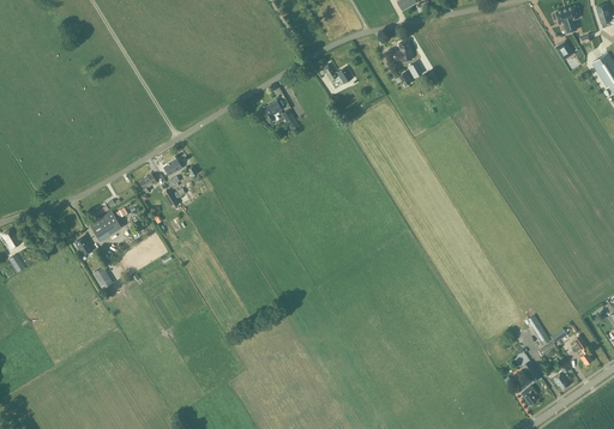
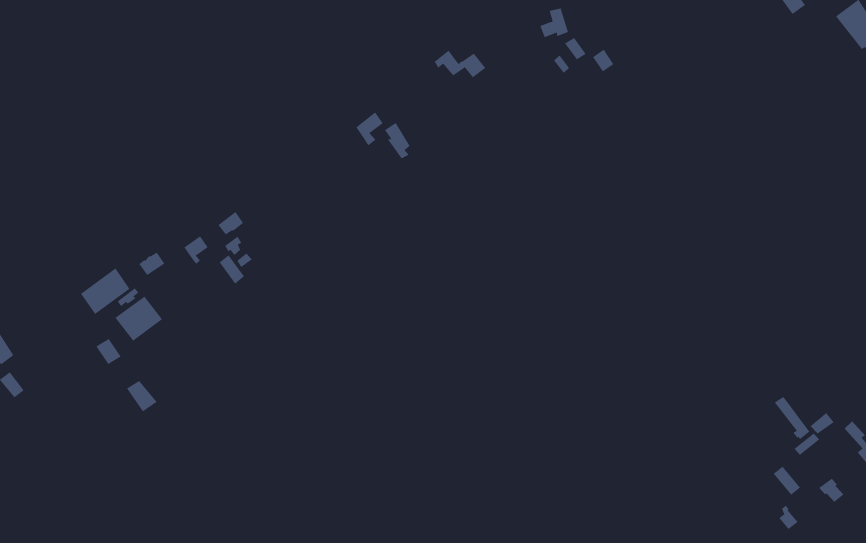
building: none -> [80,268,130,315]

